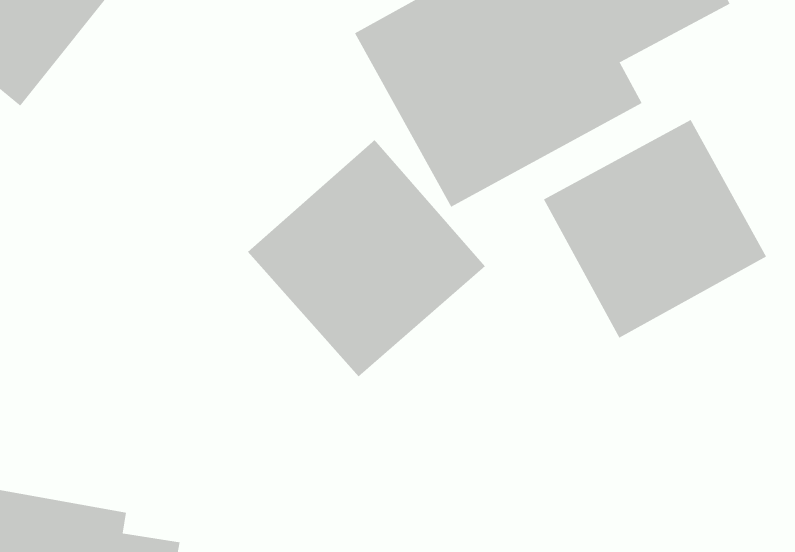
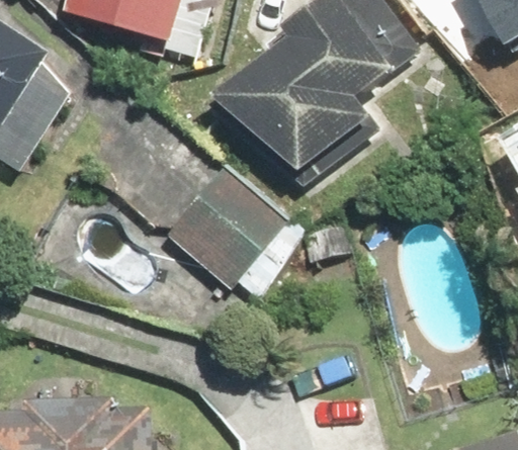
building: [543,119,767,339] -> none

